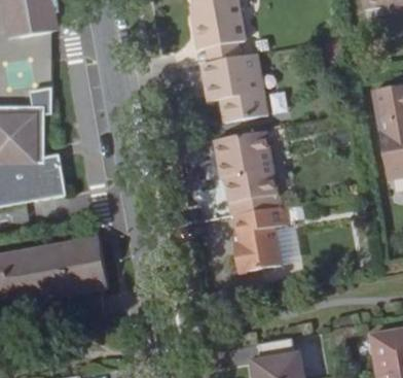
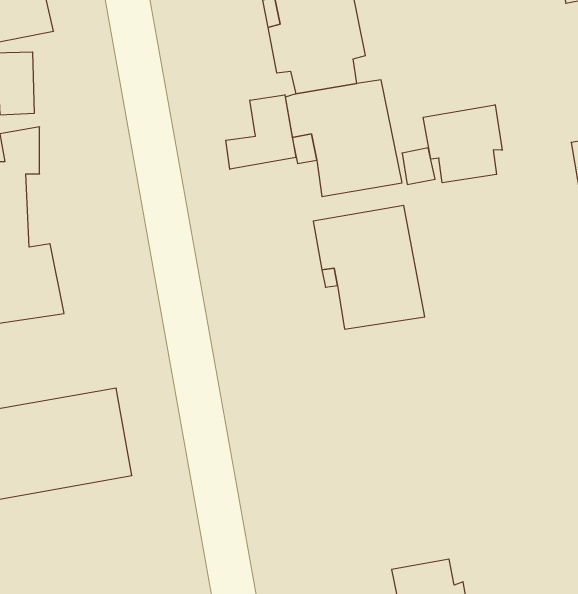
building: none -> [226,95,296,169]
building: none -> [423,105,502,183]
building: [232,206,292,270] -> none

